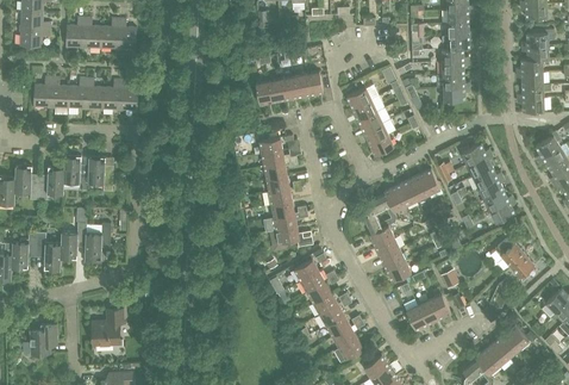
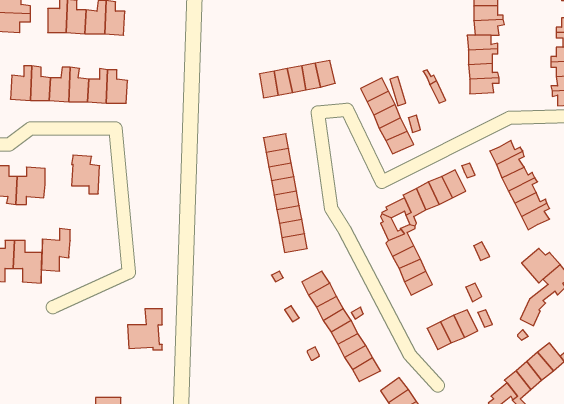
building: [63,155,88,191] -> none
building: [83,223,110,260] -> none
building: [90,309,121,346] -> [128,309,162,350]
building: [30,324,55,354] -> none

